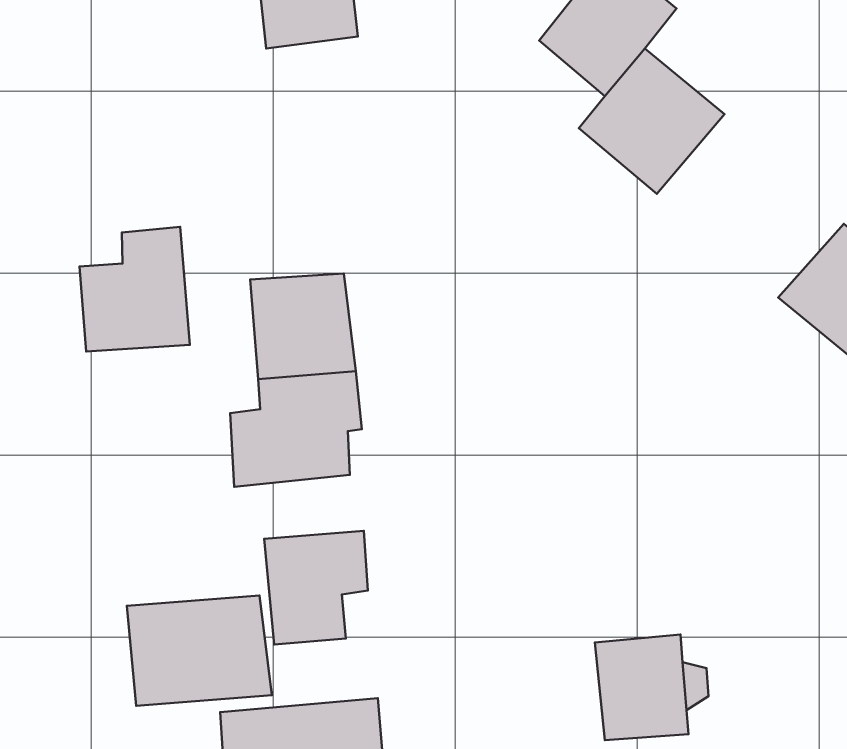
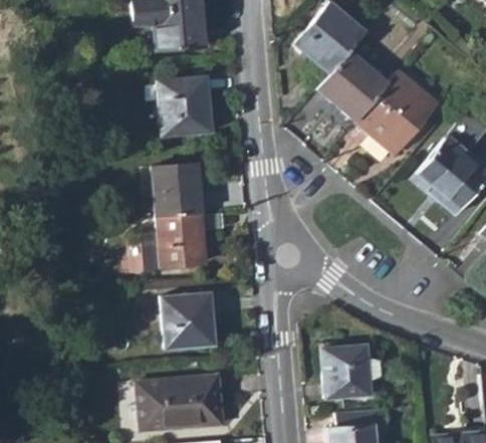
building: none -> [355,69,438,155]
building: none -> [156,75,212,135]
building: [79,227,190,352] -> none
building: [127,596,272,706] -> none

